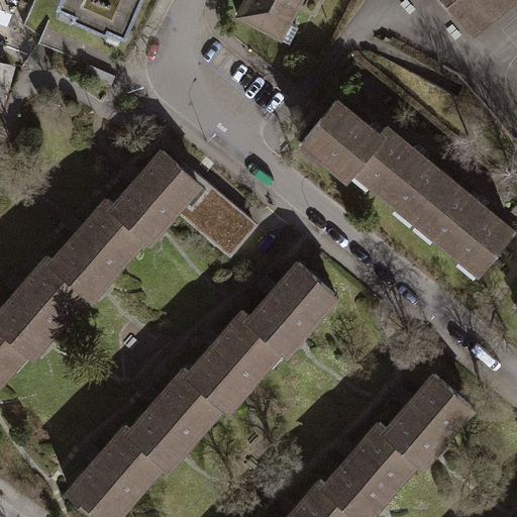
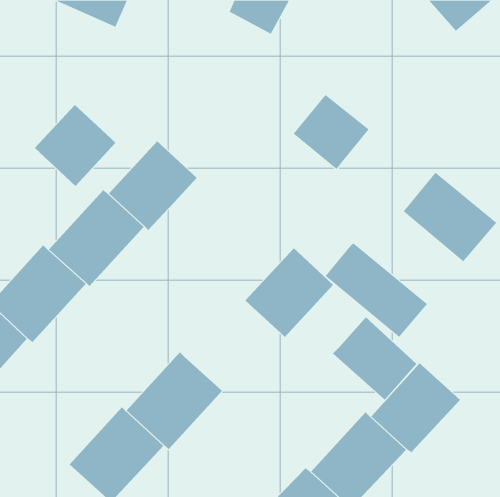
building: none -> [34,104,116,187]
building: [352,131,447,222] -> none
building: [180,188,255,252] -> none
building: none -> [325,242,428,338]
building: [190,310,289,410] -> none
building: none -> [332,317,417,400]

